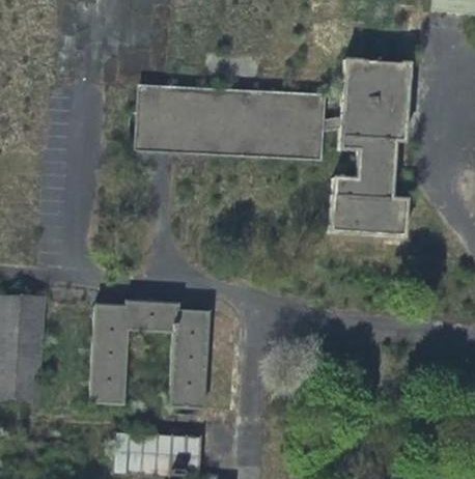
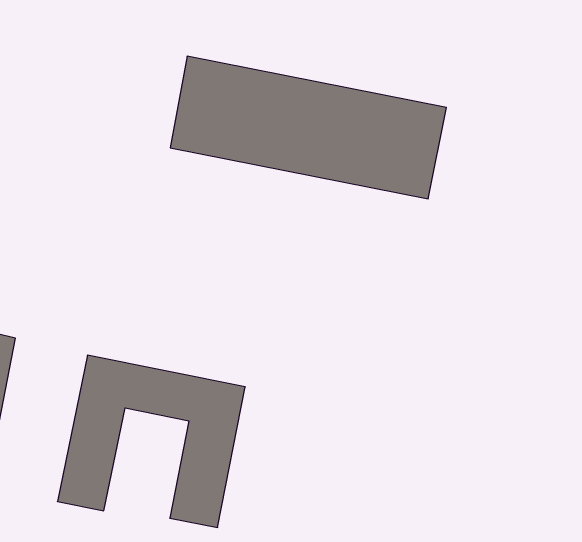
building: [329,62,410,243] -> none

